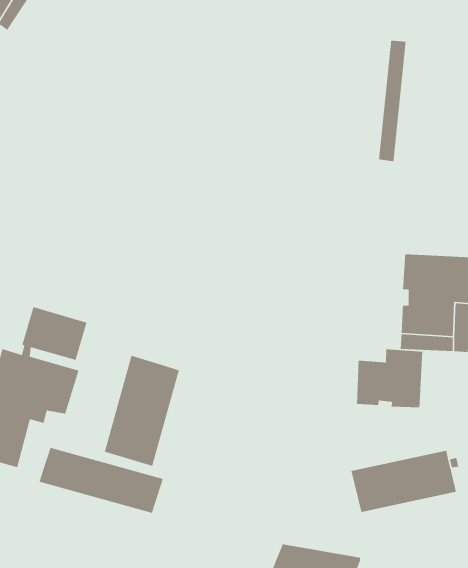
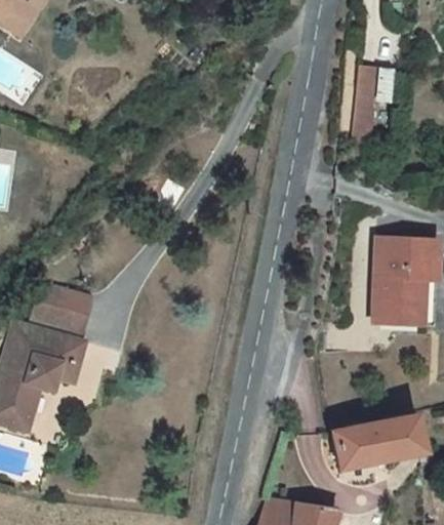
building: [356,348,423,408] -> none
building: [104,355,180,467] -> none
building: [39,447,164,514] -> none

